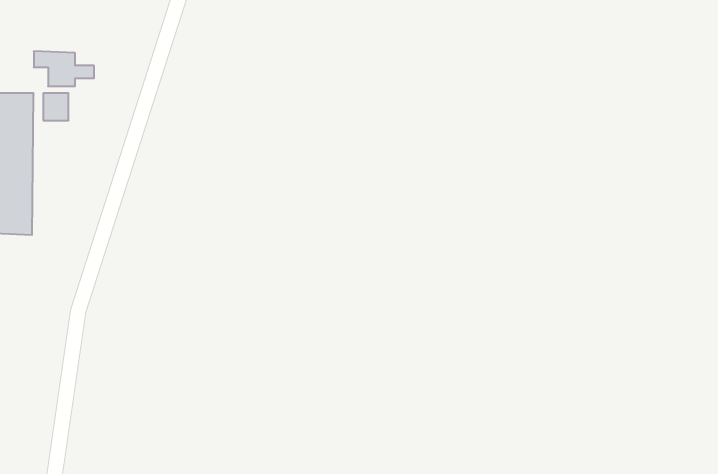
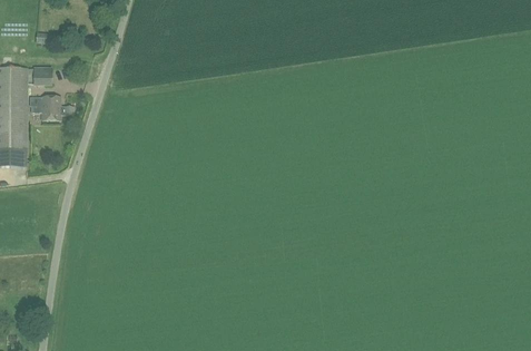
building: [34,51,94,86] -> [30,96,72,120]

